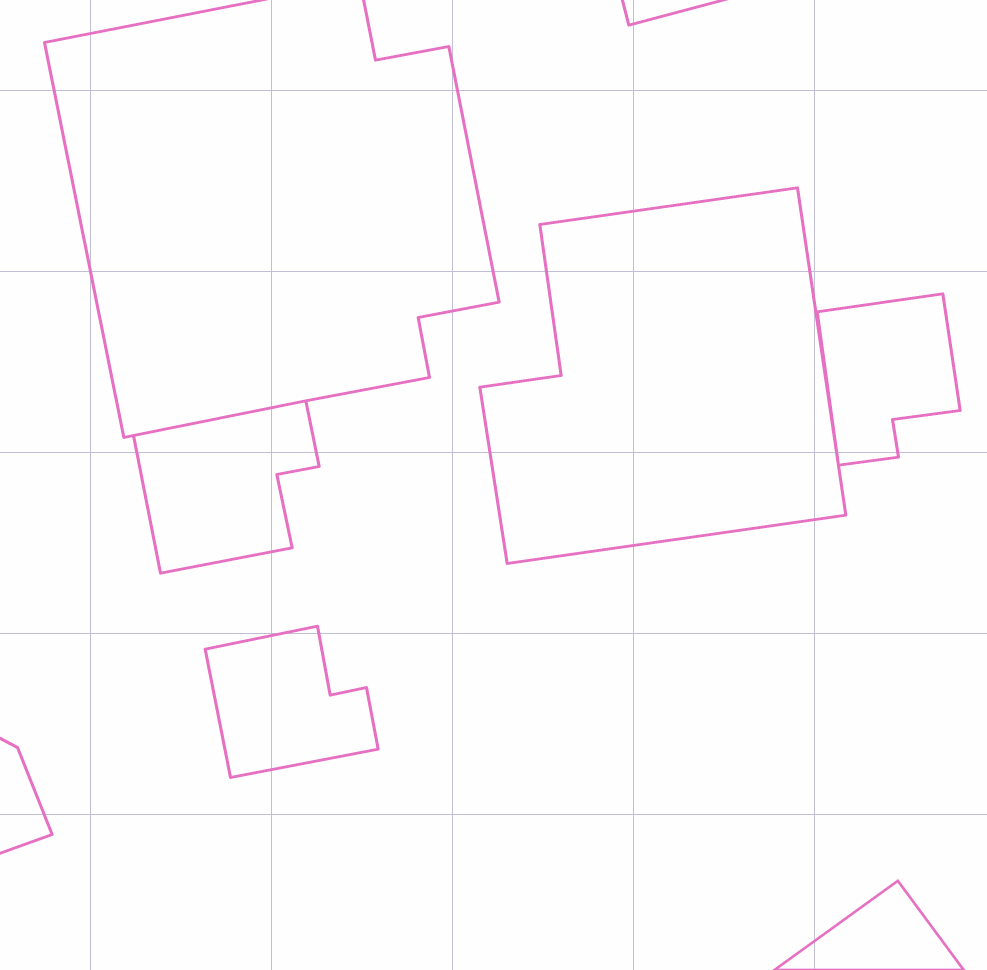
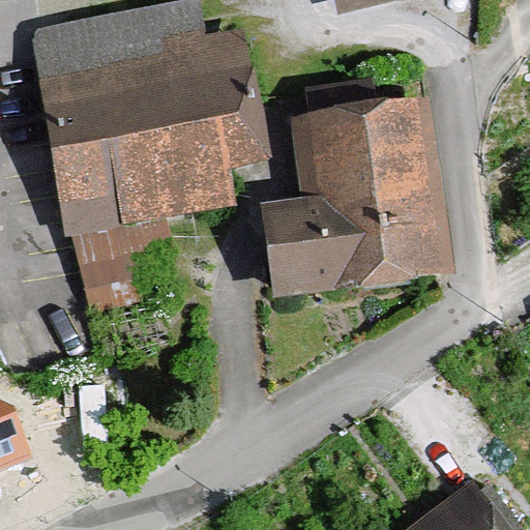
building: [817,294,960,465] -> none
building: [205,626,378,778] -> none

